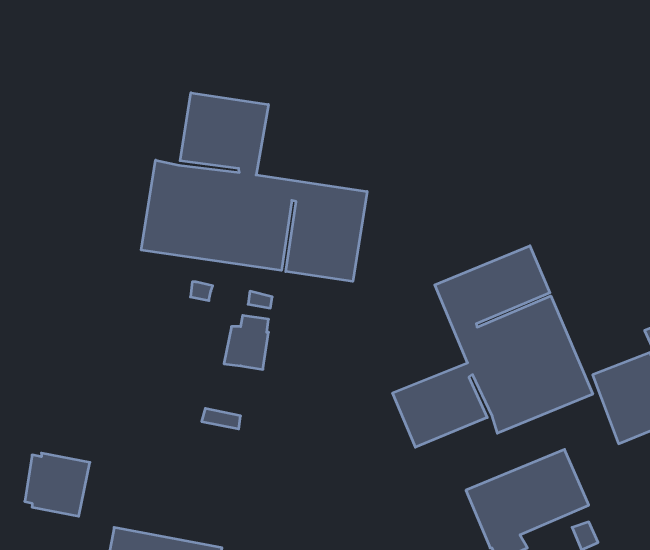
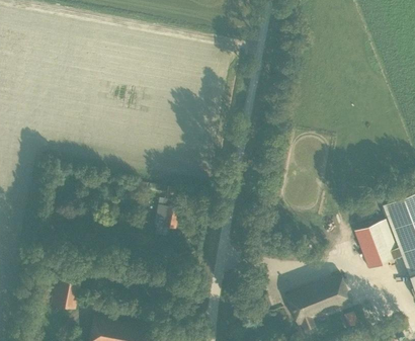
building: [141,93,367,281] -> none
building: [393,246,593,447] -> none

